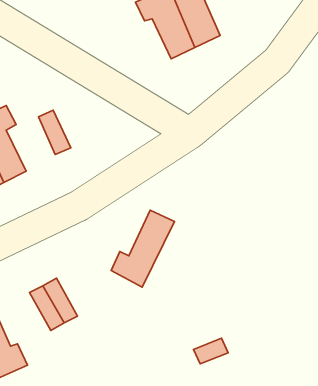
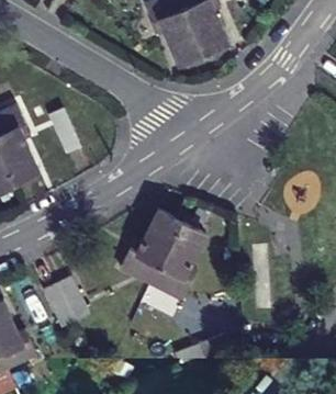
building: none -> [150,221,204,301]

